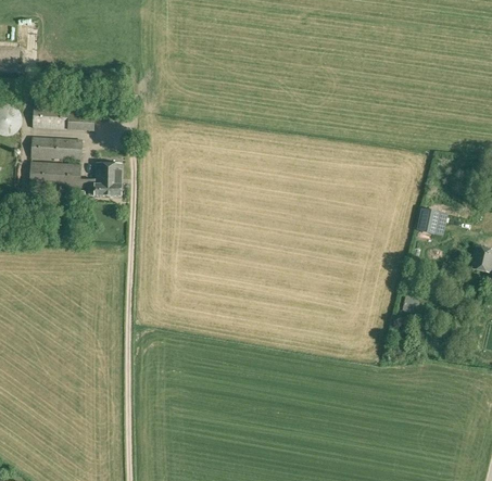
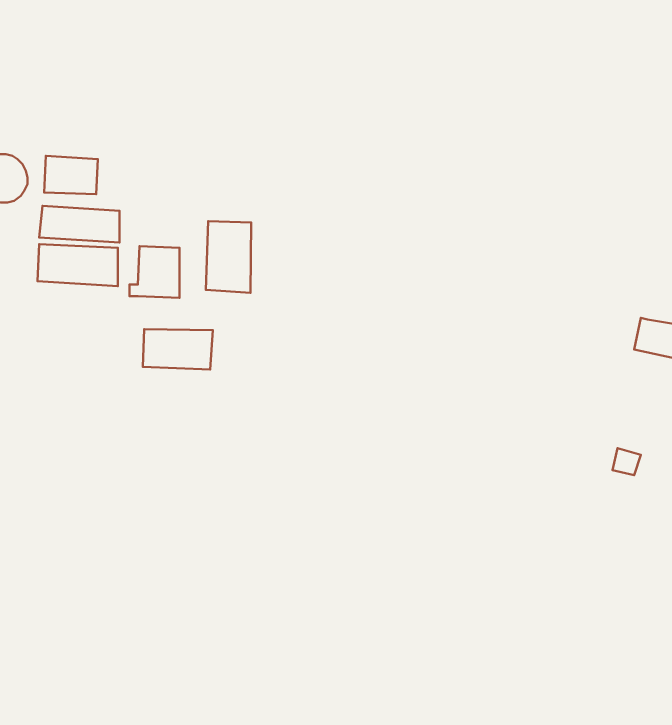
building: none -> [206,221,251,293]
building: none -> [143,329,213,369]

